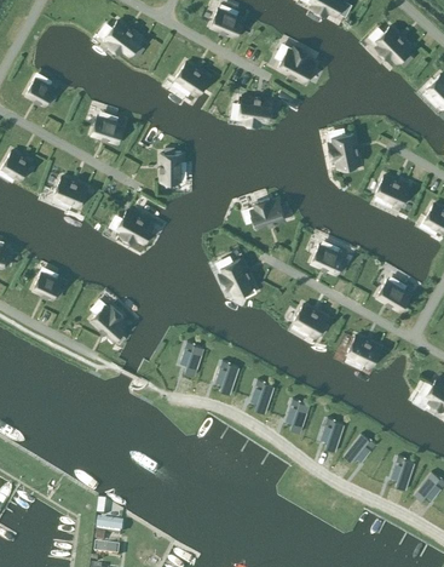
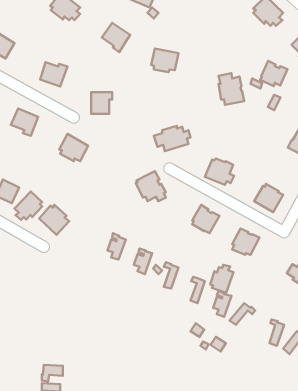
building: [278,44,318,80] -> none
building: [375,172,411,206] -> [260,61,287,86]
building: none -> [15,191,42,220]
building: none -> [210,265,233,293]

